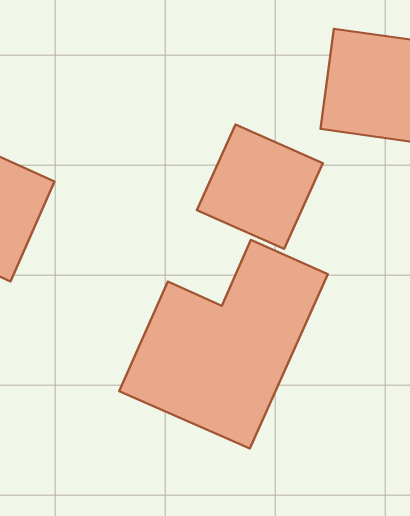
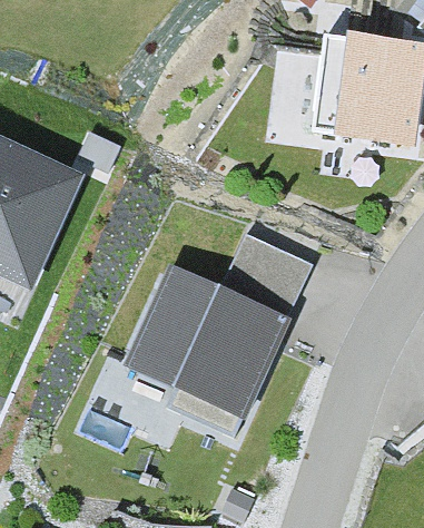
building: [197,124,323,249] -> none

